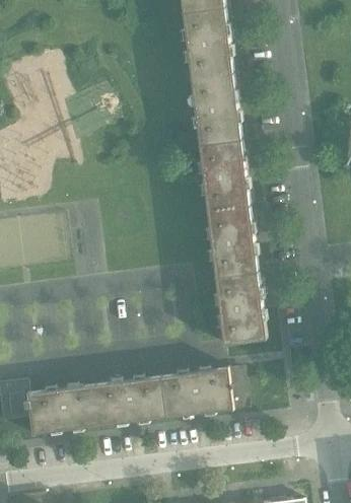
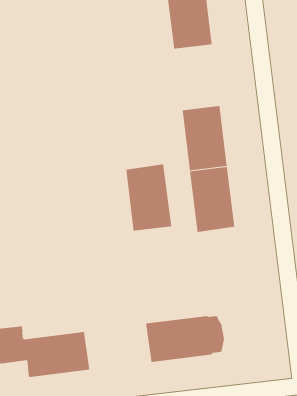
building: [190,74,240,145] -> none
building: [215,272,266,345] -> [125,164,172,231]
building: [93,376,165,427] -> none

